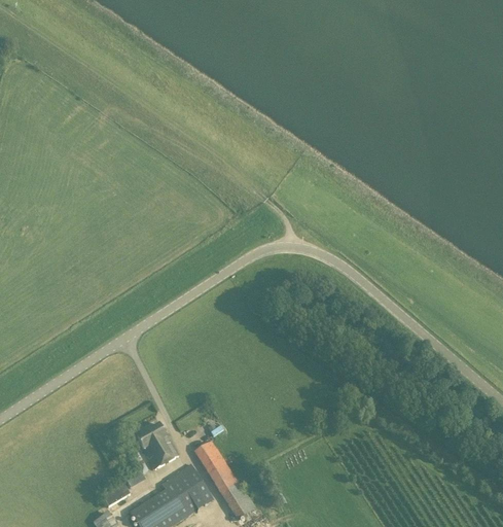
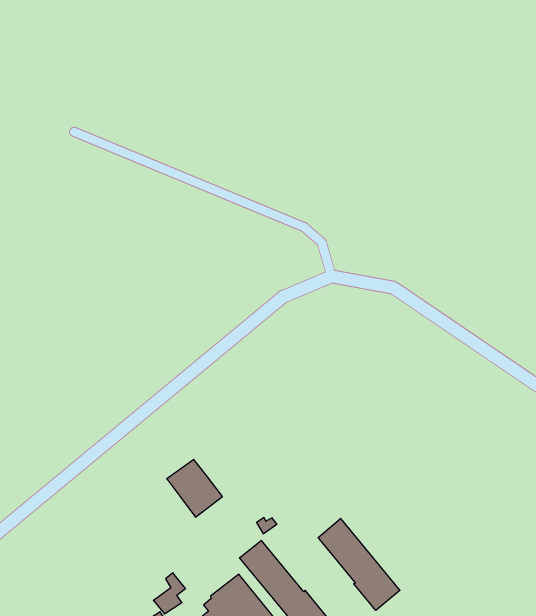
building: [136,424,177,468] -> [167,460,222,517]
building: none -> [318,518,400,610]

